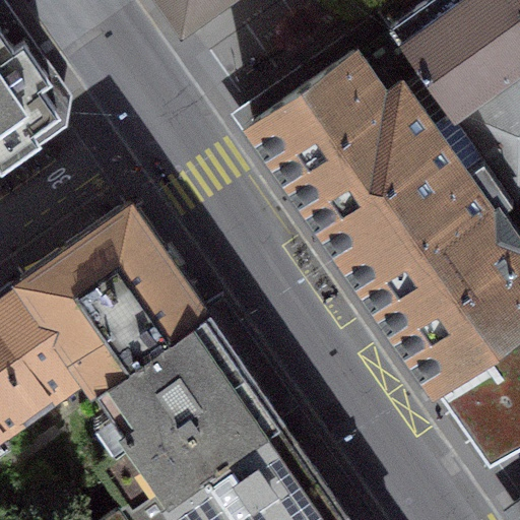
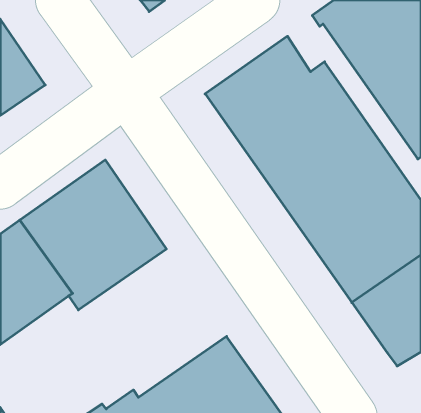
building: [96,317,279,514] -> none

